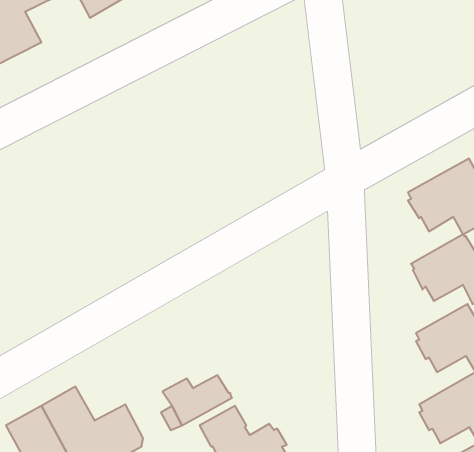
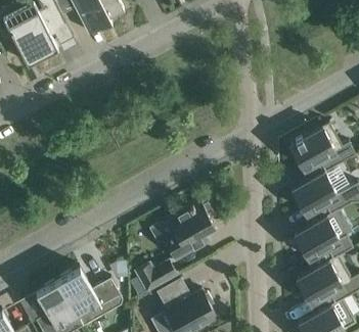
building: none -> [163,201,214,258]

